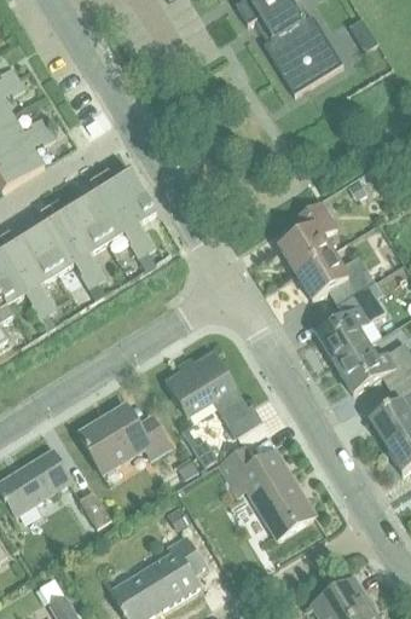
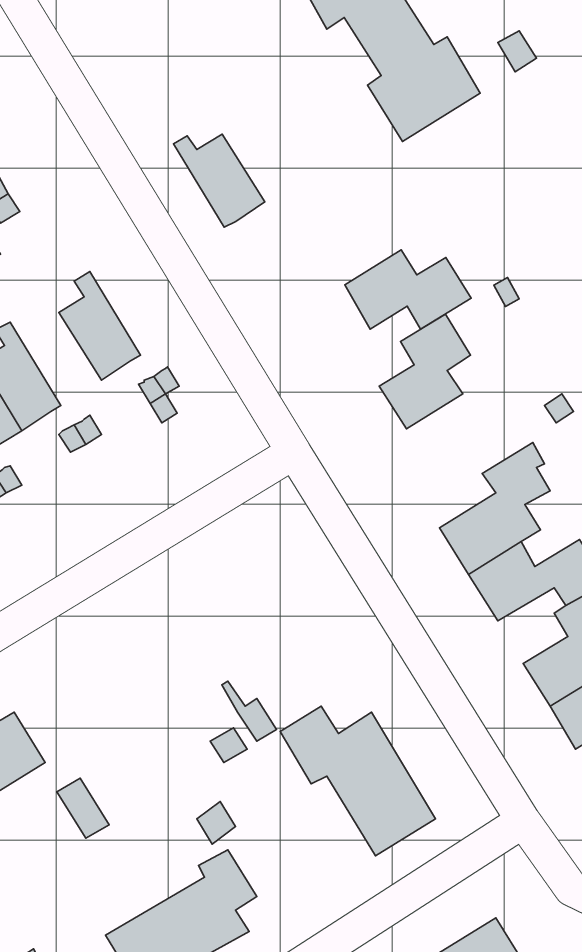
building: [99,168,156,226] -> [174,134,265,227]
building: [50,199,106,258] -> none
building: [296,250,375,300] -> [345,250,471,329]
building: [164,352,260,435] -> none
building: [77,405,169,473] -> none

